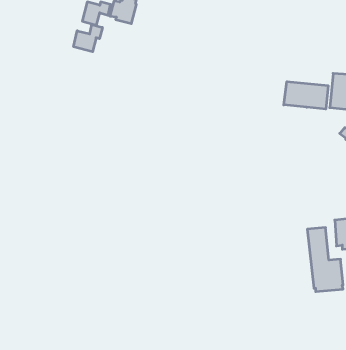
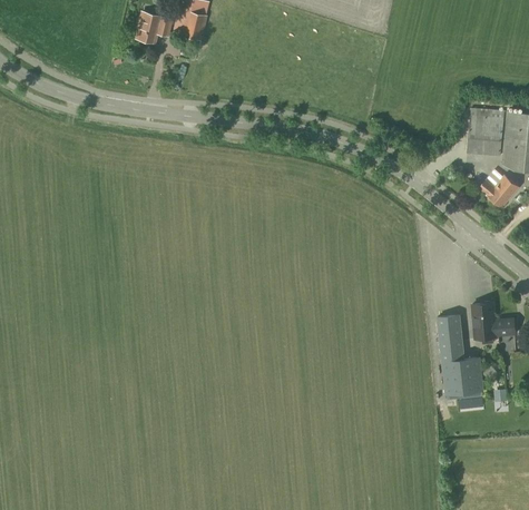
building: [74,24,102,52] -> none
building: [284,82,328,109] -> none

